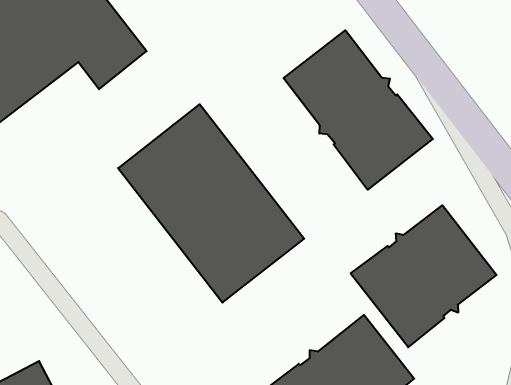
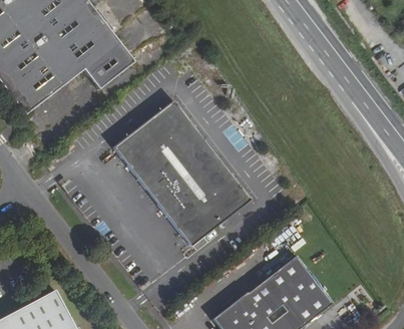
building: [284,30,433,190] -> none
building: [351,205,497,347] -> none

